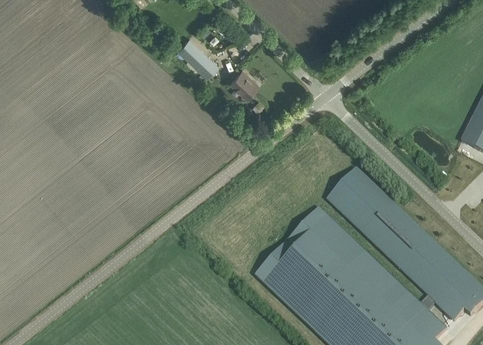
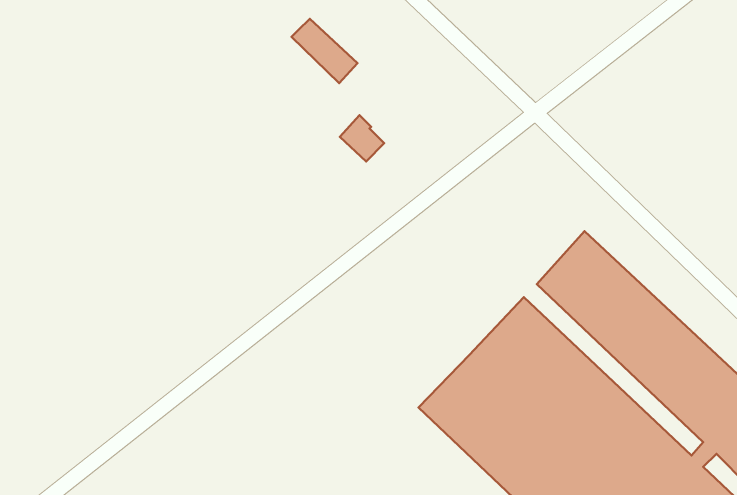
building: [230,67,257,95] -> [340,115,384,161]

